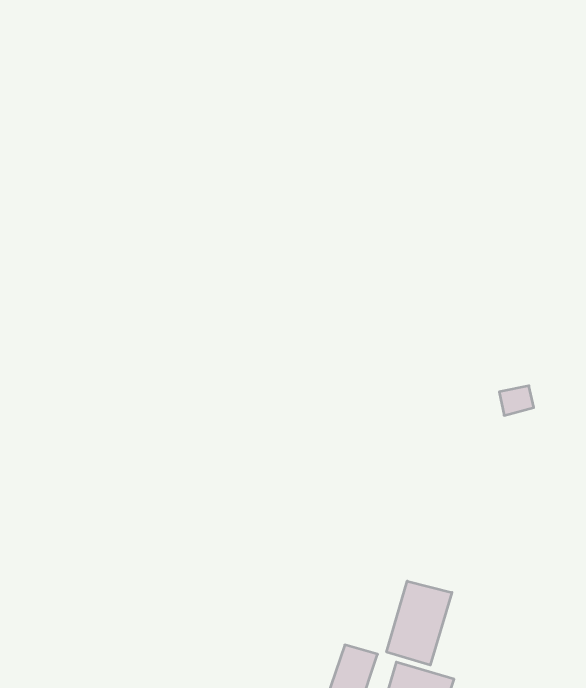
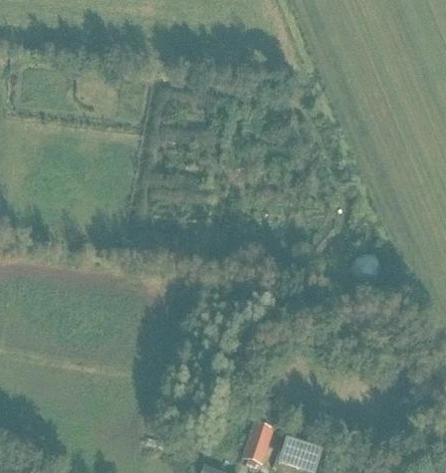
building: [387,581,452,665] -> none

